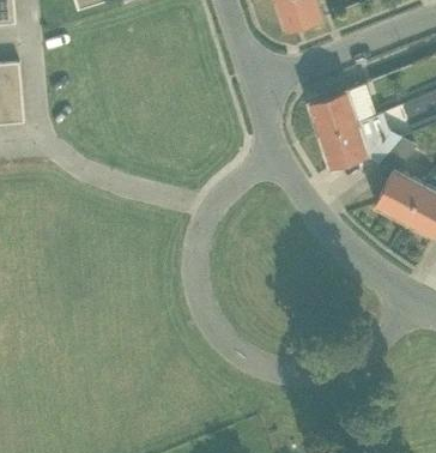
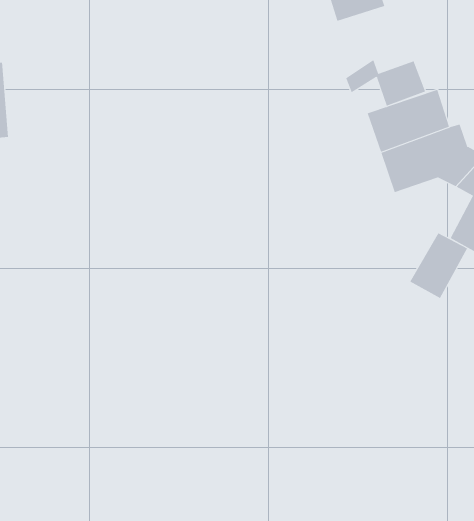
building: none -> [346,59,426,107]
building: none -> [409,233,468,299]

